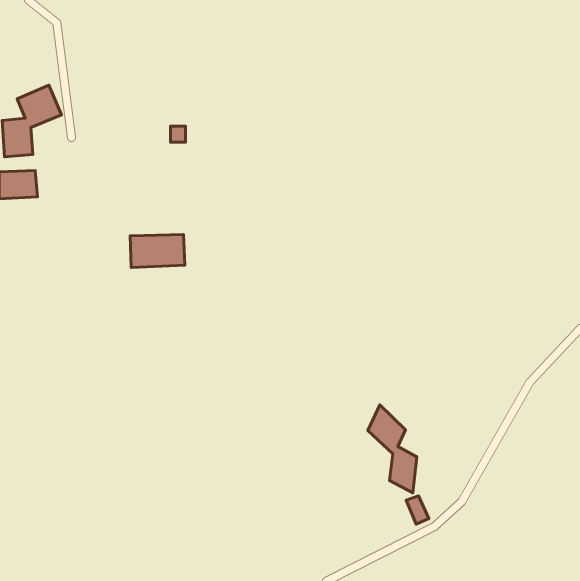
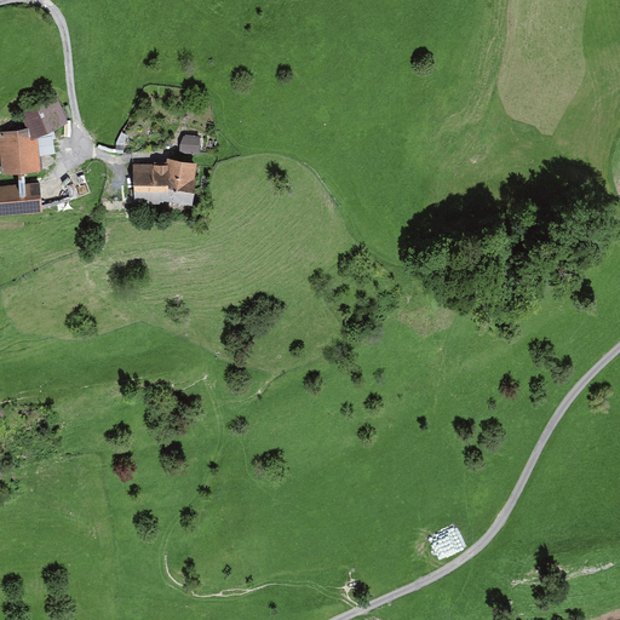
building: [130,235,185,268] -> [133,166,191,201]
building: [368,405,417,493] -> none

